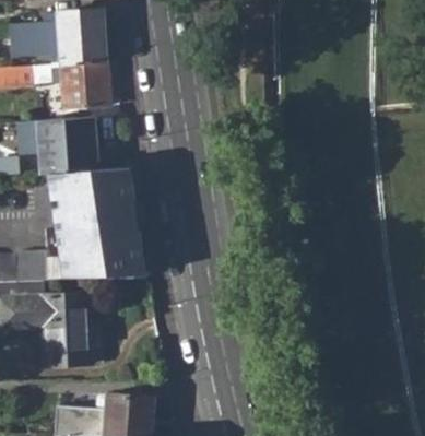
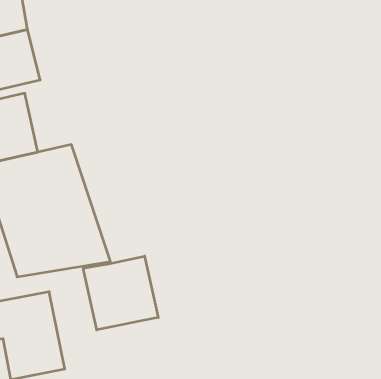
building: none -> [83,256,158,330]

